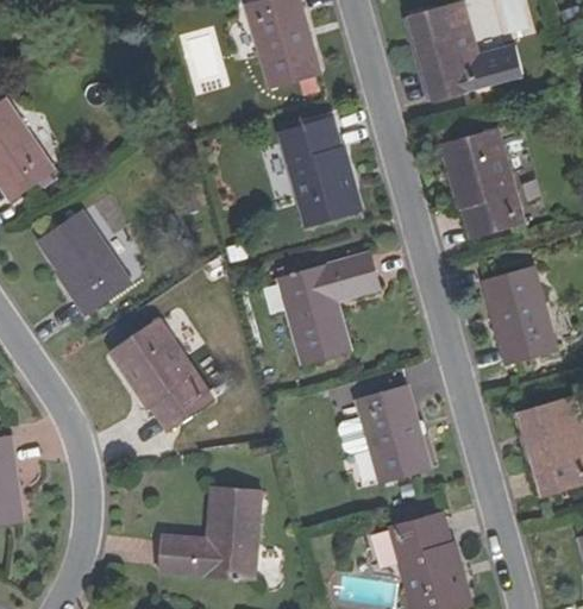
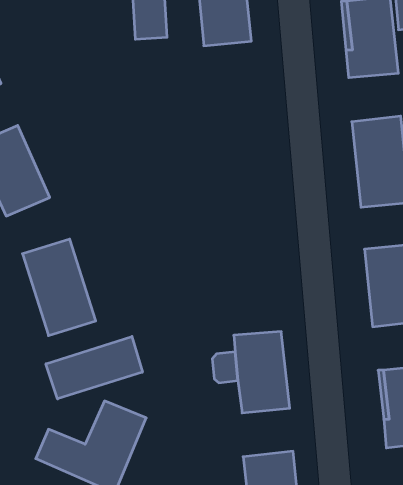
building: [278,117,357,224] -> none
building: [277,252,380,364] -> none
building: none -> [46,336,142,399]

